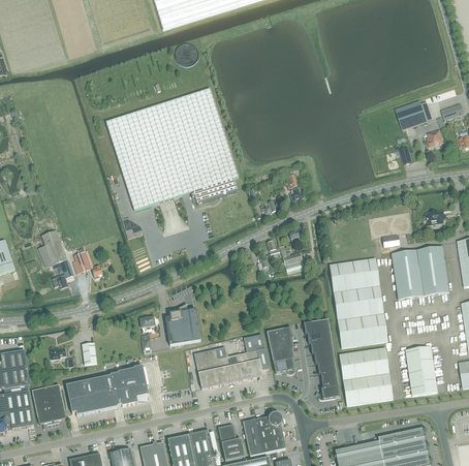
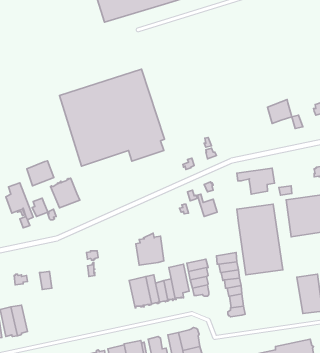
building: [396,99,427,129] -> [267,100,292,123]
building: none -> [27,161,54,186]
building: none -> [237,168,275,194]
building: none -> [51,178,80,208]
building: [165,304,200,344] -> [136,233,164,265]
building: [339,346,393,405] -> none
building: [66,365,149,415] -> none

